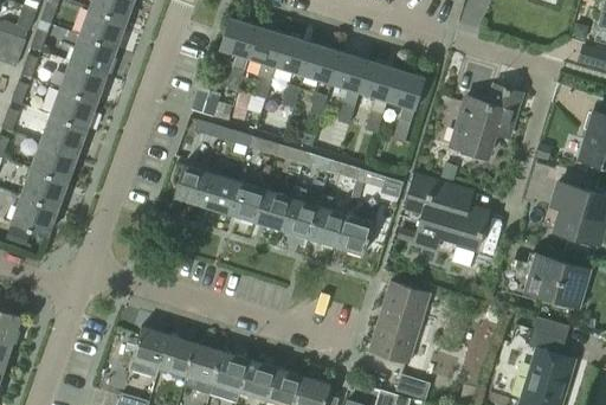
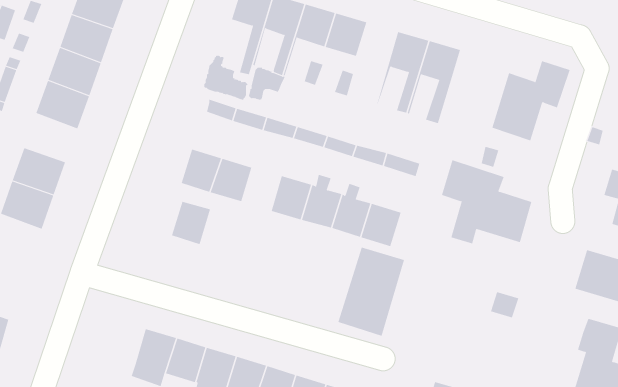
building: [330,51,367,124] -> none
building: [32,133,80,176] -> none
building: [227,181,263,220] -> [171,201,211,245]
building: [369,281,430,361] -> [337,247,405,337]

